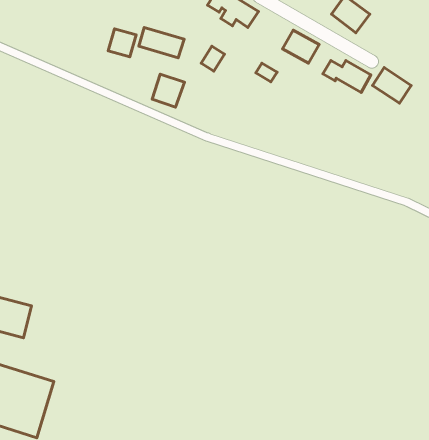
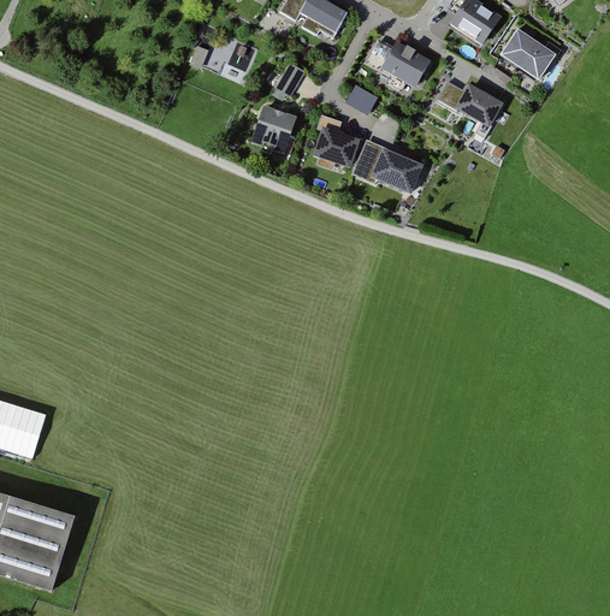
building: [108,29,136,57] -> none
building: [373,68,411,103] -> [502,30,553,78]
building: [152,74,184,107] -> [251,106,295,150]
building: none -> [310,125,359,165]
building: none -> [354,138,422,191]

